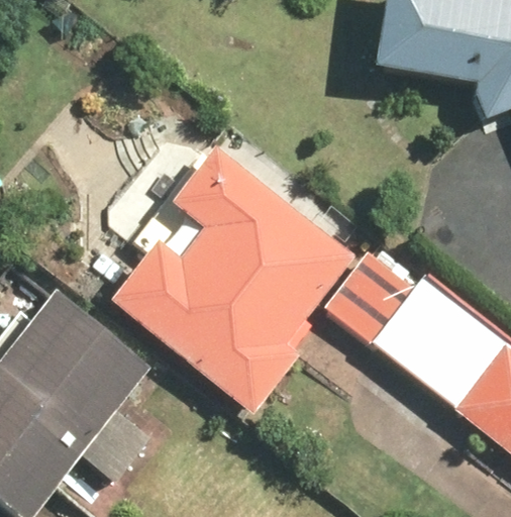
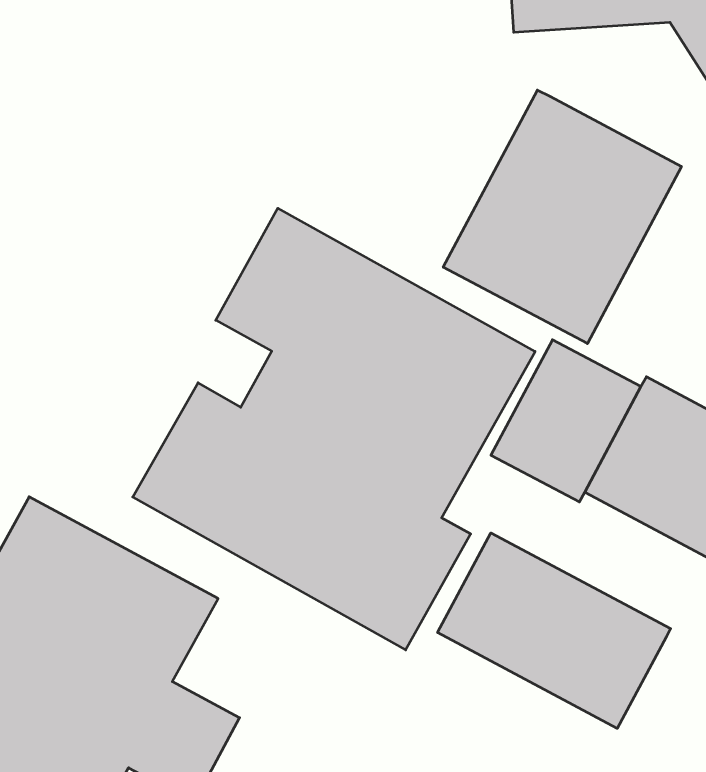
building: none -> [443,90,681,344]
building: none -> [438,533,671,728]

